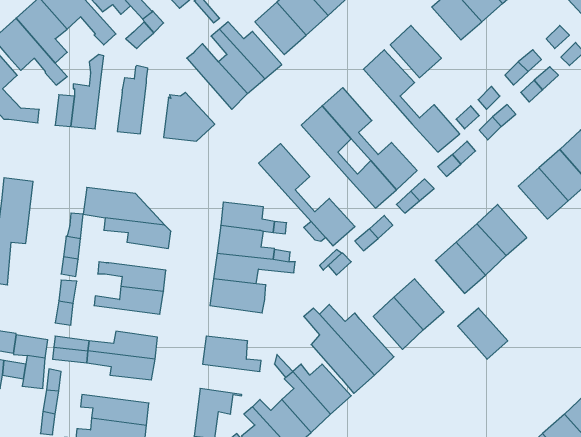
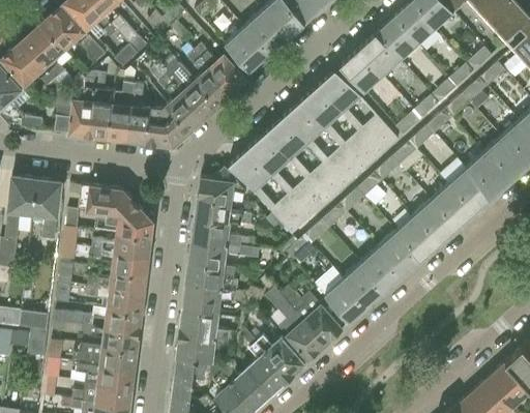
building: none -> [357,32,400,76]
building: none -> [150,65,205,131]
building: none -> [89,73,114,138]
building: none -> [127,84,153,143]
building: none -> [299,85,380,171]
building: none -> [246,132,327,218]
building: none -> [198,168,246,202]
building: none -> [32,180,62,240]
building: none -> [431,184,473,228]
building: none -> [92,232,151,256]
building: none -> [86,286,144,313]
building: none -> [183,286,234,316]
building: [458,308,508,359] -> [360,247,403,291]
building: none -> [178,335,229,361]
building: none -> [73,344,137,368]

